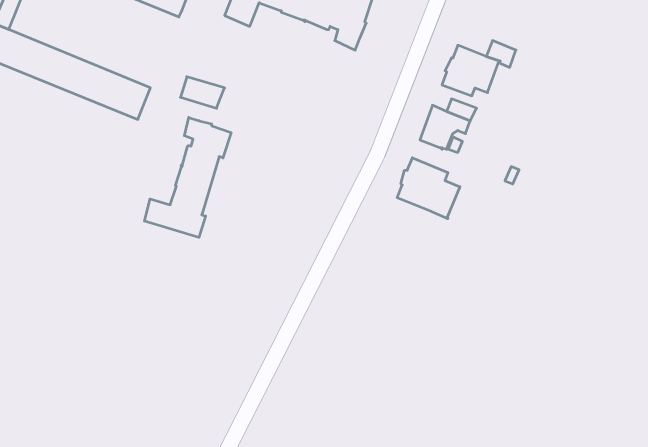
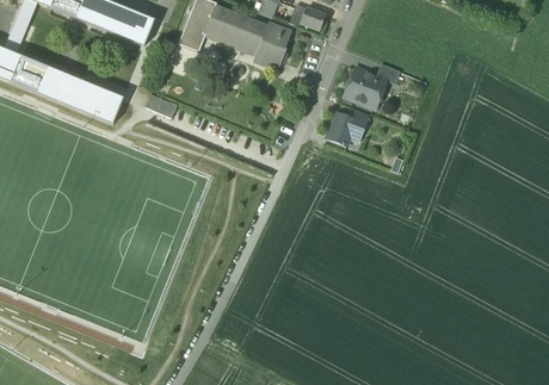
building: [144,117,231,237] -> none
building: [397,158,460,219] -> none

